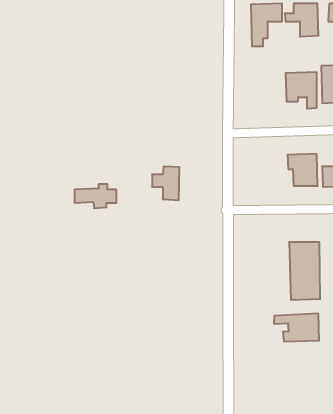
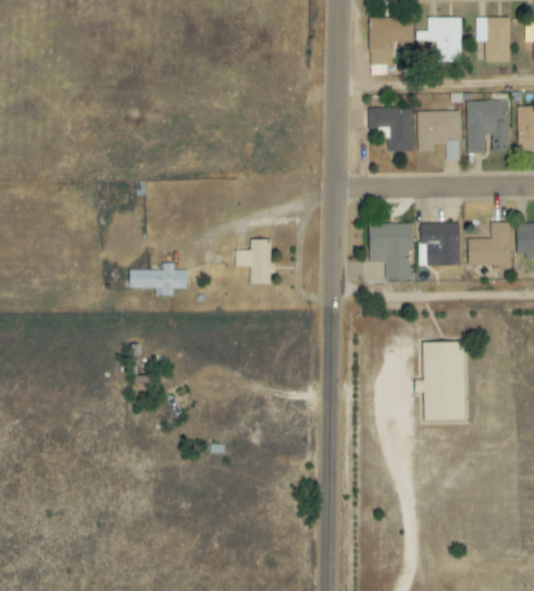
building: none -> [369,108,413,150]
building: none -> [369,223,411,280]
building: [274,313,319,342] -> none

